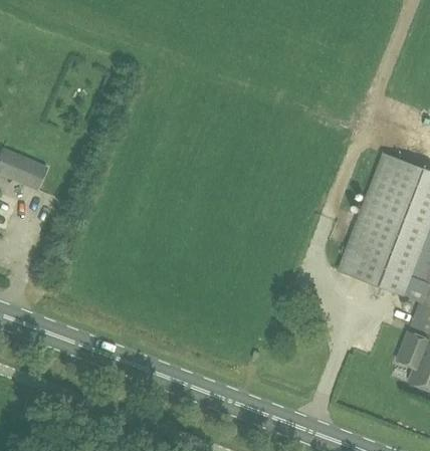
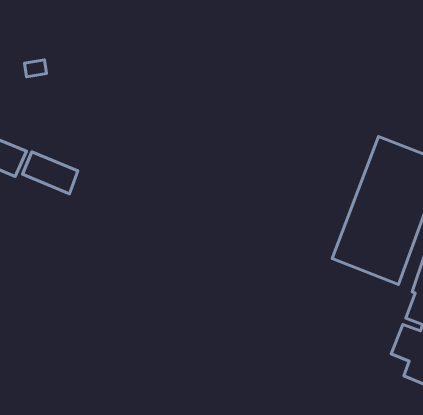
building: none -> [22,152,78,194]

